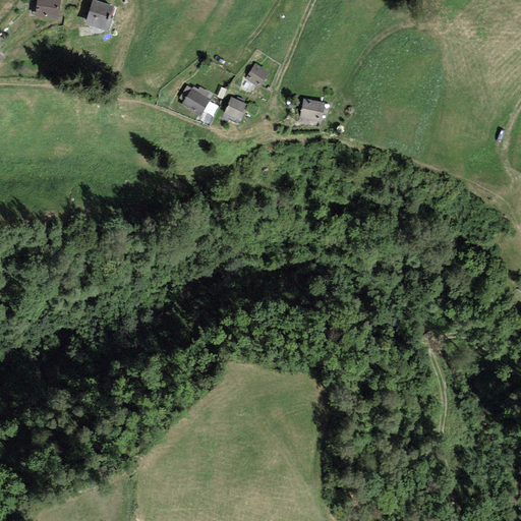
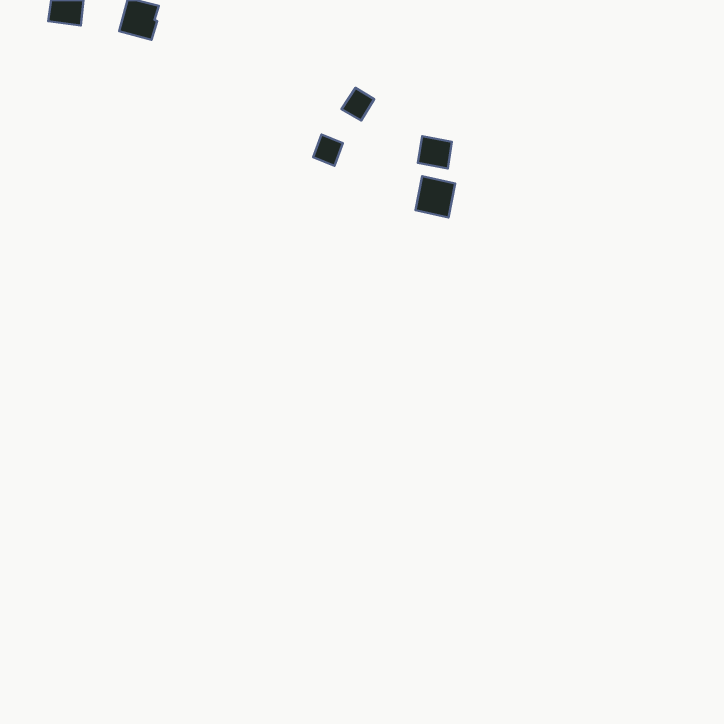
building: [181,86,211,116] -> none
building: none -> [416,176,455,218]

